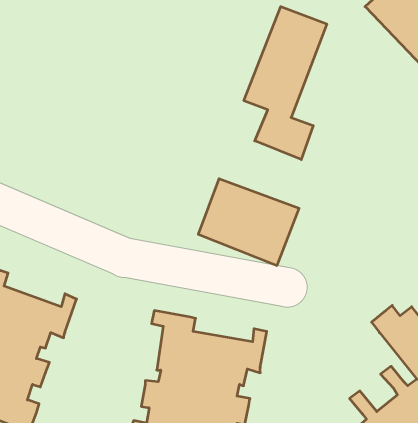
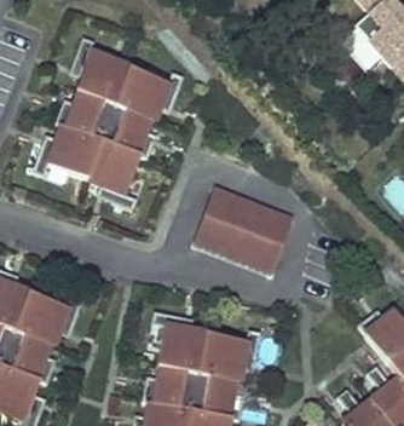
building: [244,7,327,160] -> none
building: none -> [30,38,183,209]

